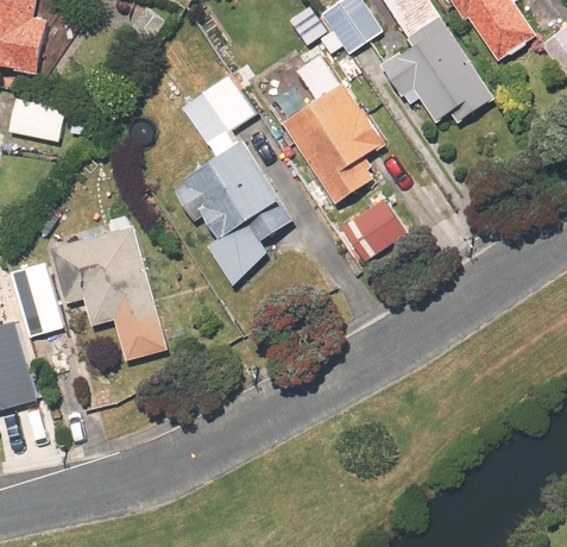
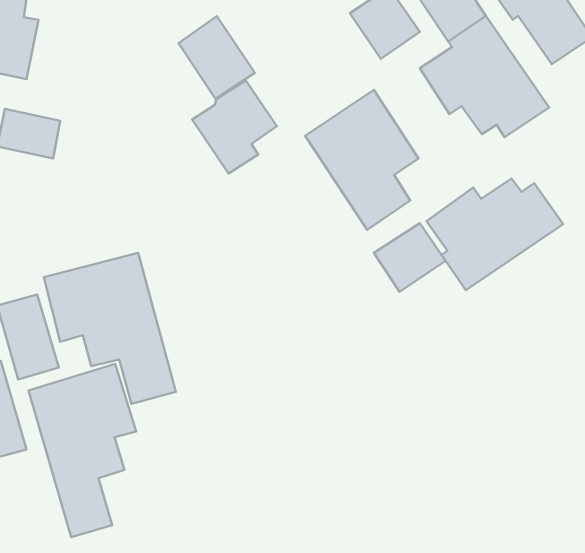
building: none -> [178,16,255,99]
building: [174,140,292,288] -> none
building: none -> [426,179,563,290]
building: none -> [28,364,136,537]

